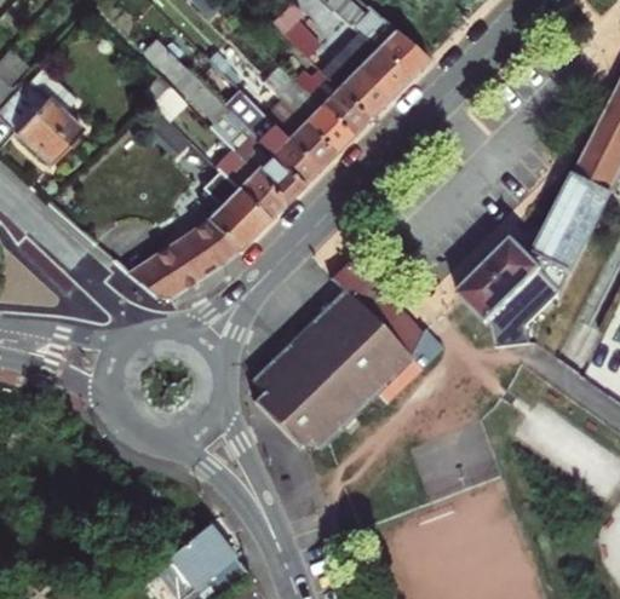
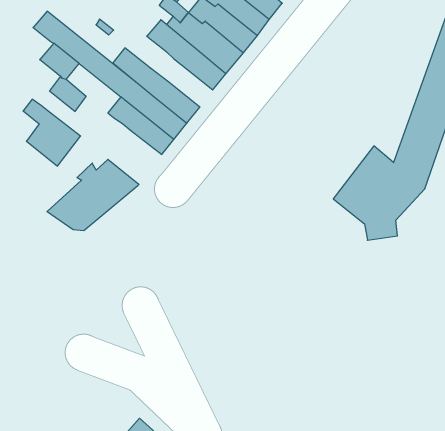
building: [265,102,334,172] -> none
building: [205,173,268,253] -> [23,99,81,166]
building: [252,258,443,449] -> none

